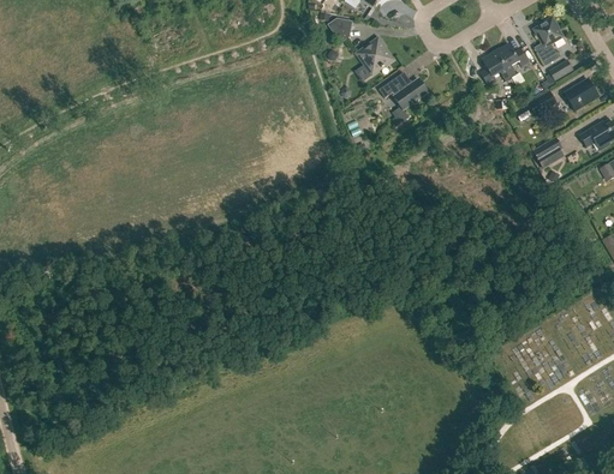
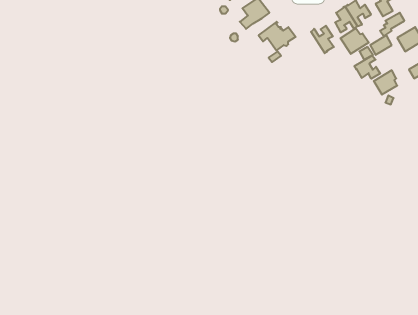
building: none -> [311,26,334,53]
building: none -> [341,28,369,54]
building: none -> [354,55,380,79]

